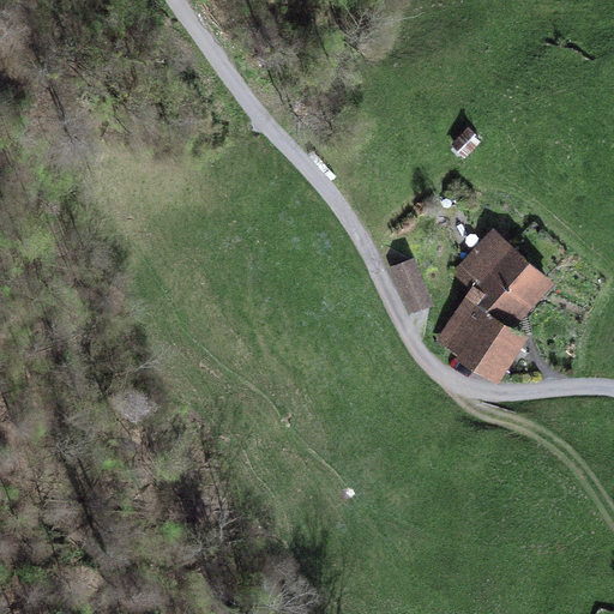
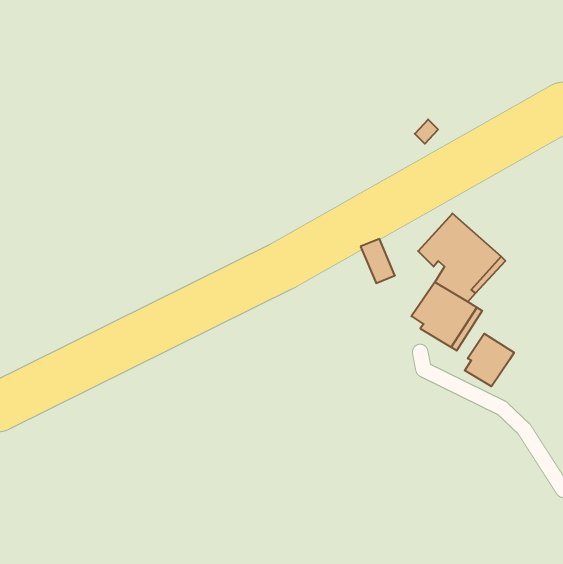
building: none -> [465,334,514,386]

